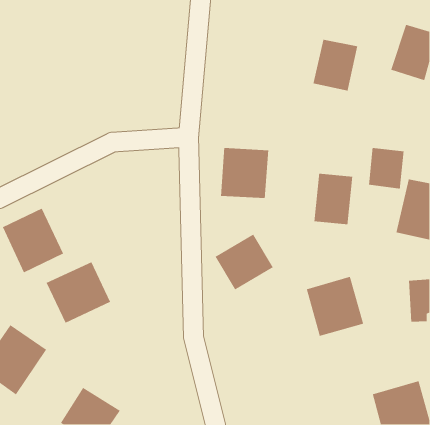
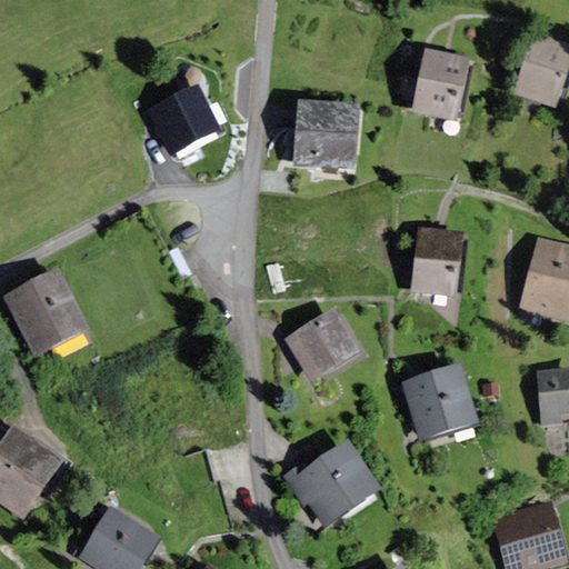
building: none -> [149,83,221,154]
building: [368,147,404,189] -> none
building: [220,147,269,199] -> [295,102,359,170]
building: [46,261,111,324] -> none
building: none -> [280,437,382,529]

